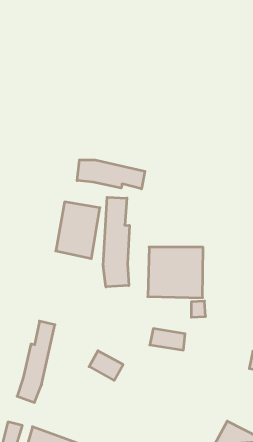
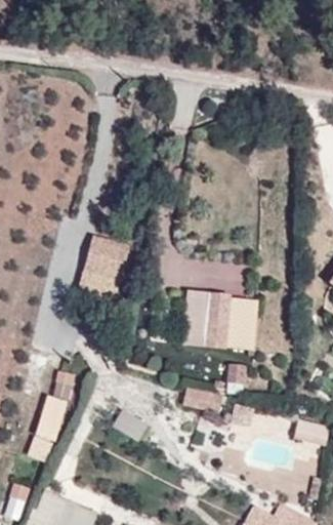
building: [77,160,145,189] -> none
building: [103,197,129,287] -> none

